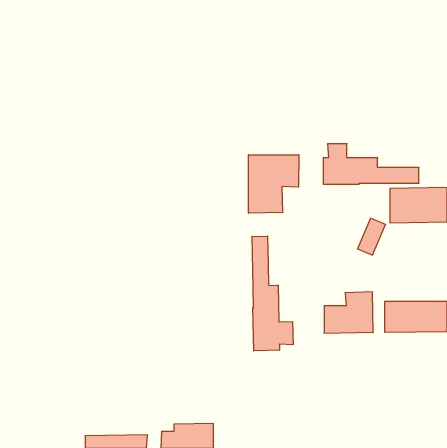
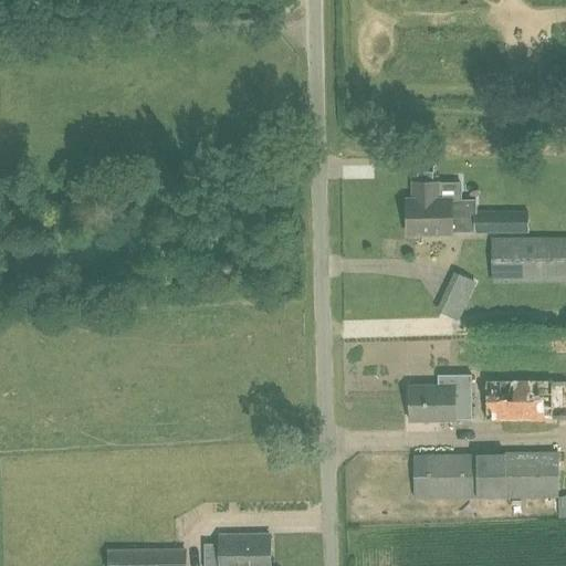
building: [248,155,299,213] -> none
building: [252,236,293,351] -> none
building: none -> [412,452,557,497]

